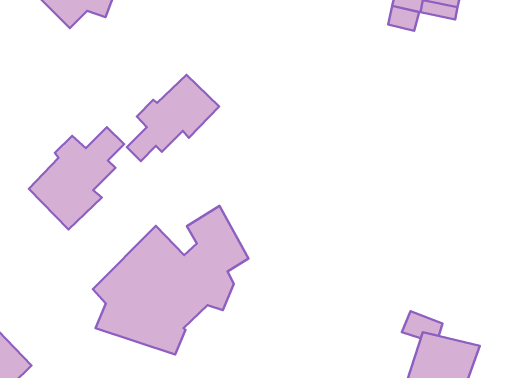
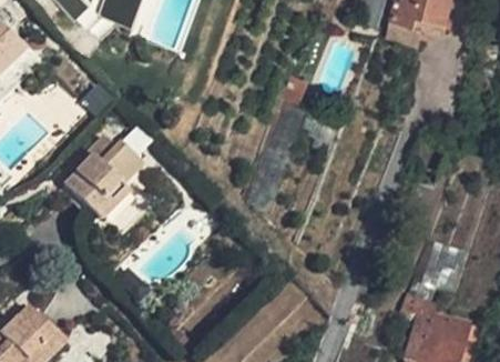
building: [127,75,219,161] -> none
building: [93,206,248,355] -> none

